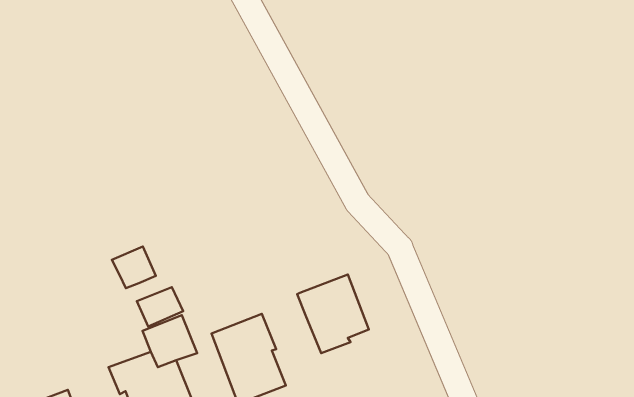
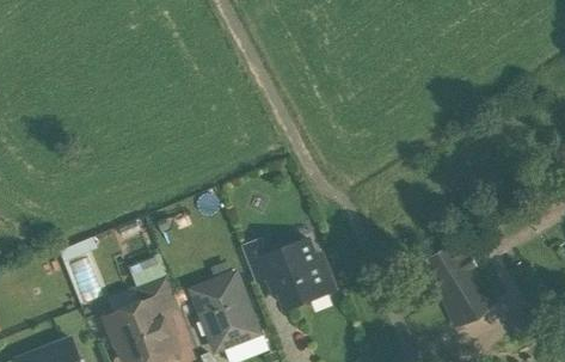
building: [112,247,156,288] -> none
building: none -> [240,237,271,281]
building: none -> [417,243,490,324]

